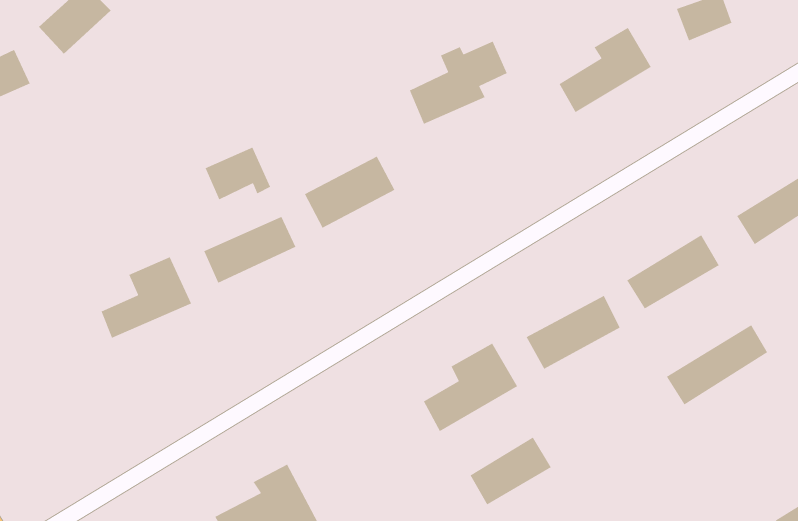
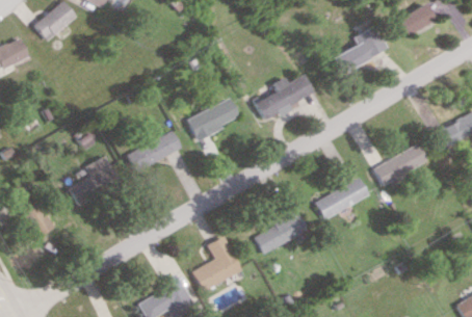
building: [409,41,508,125] -> [255,75,311,123]
building: [204,146,271,200] -> none
building: [666,324,768,405] -> none
building: none -> [193,237,241,290]
building: [470,436,552,505] -> none

